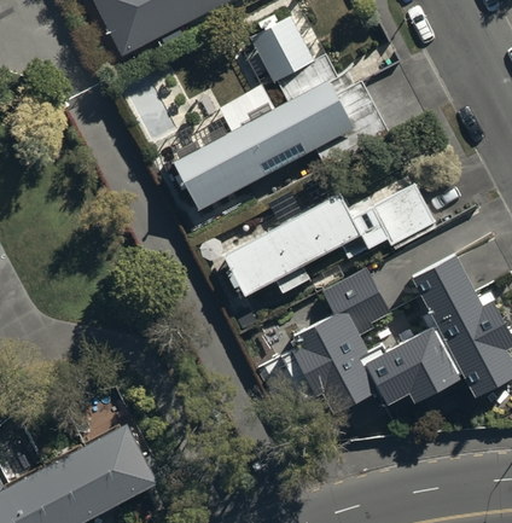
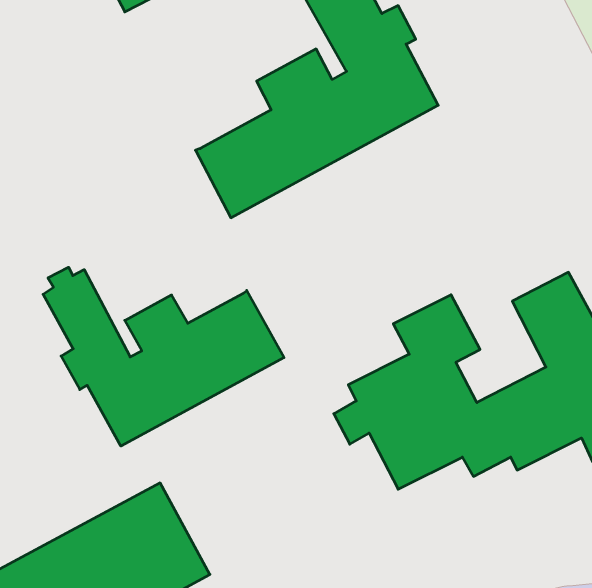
building: [225,185,437,295] -> none
building: none -> [43,267,284,446]

